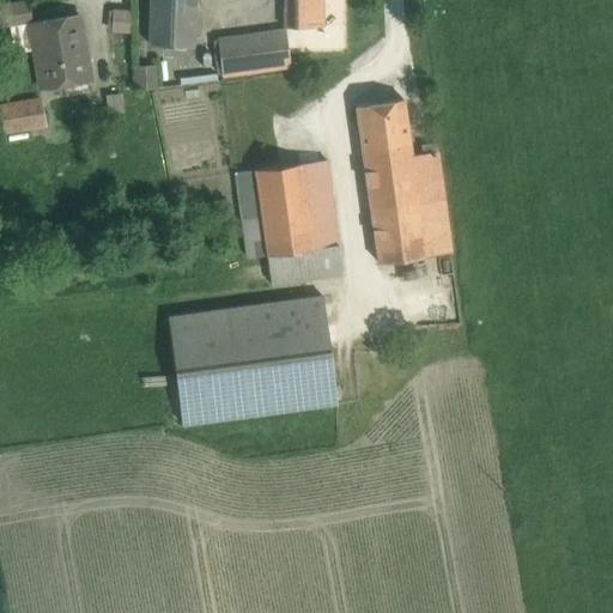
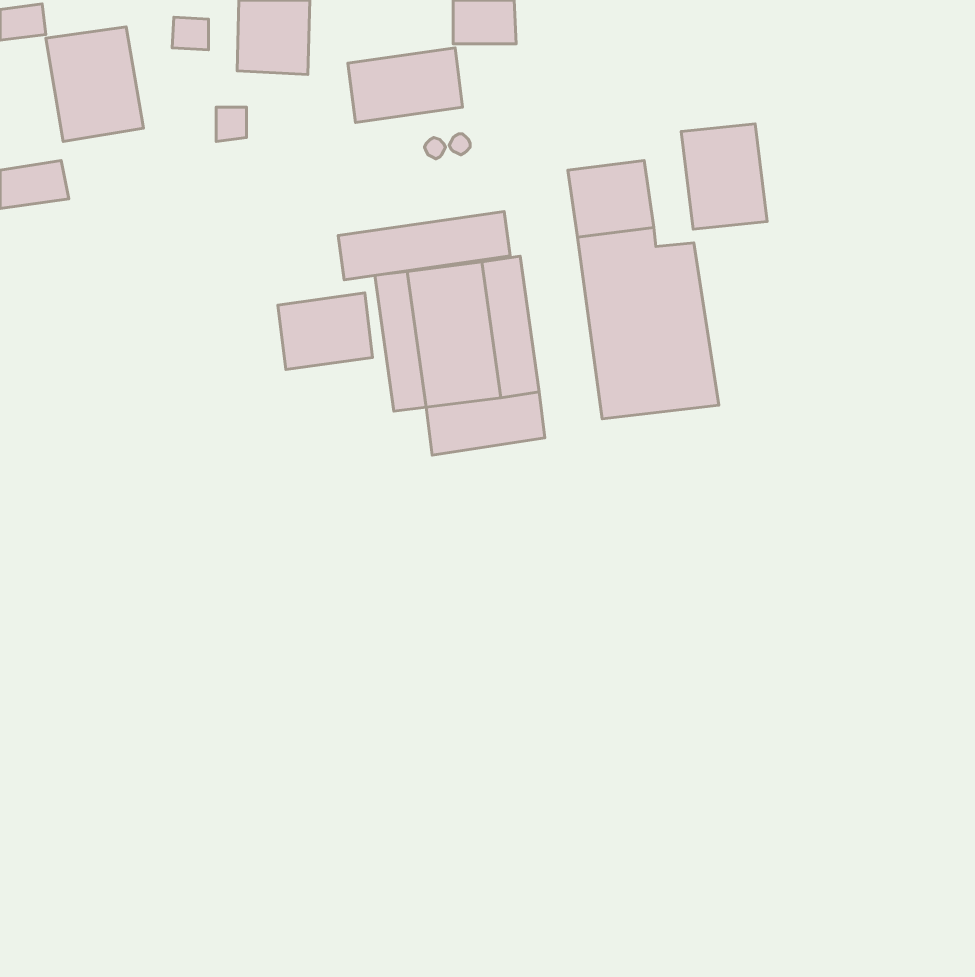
building: none -> [681,124,767,229]
building: none -> [338,212,510,280]
building: none -> [278,293,372,370]
building: [169,295,339,425] -> none

